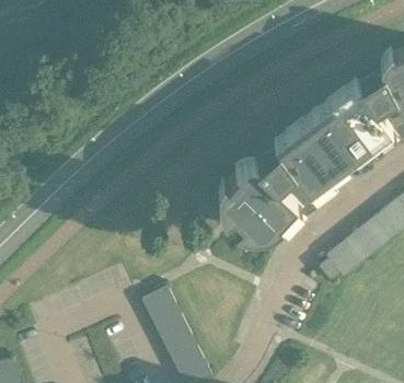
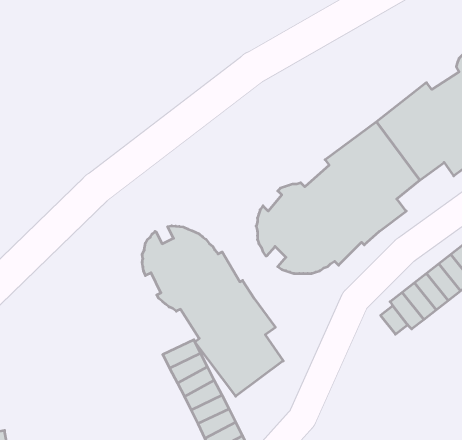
building: none -> [142,226,283,396]

